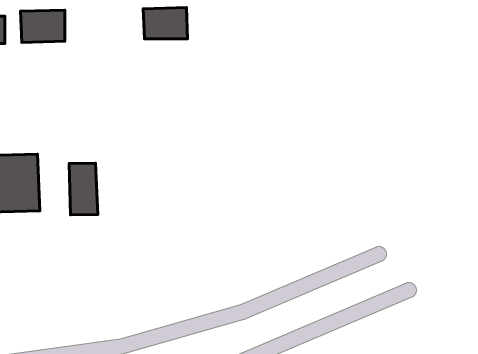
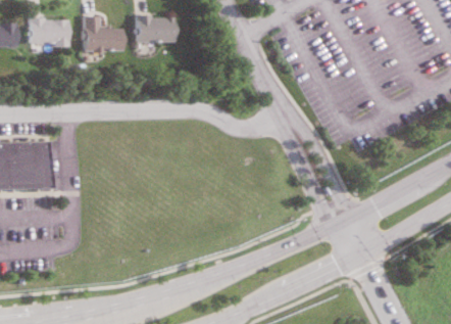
building: none -> [84,16,121,52]
building: [69,163,98,215] -> none

